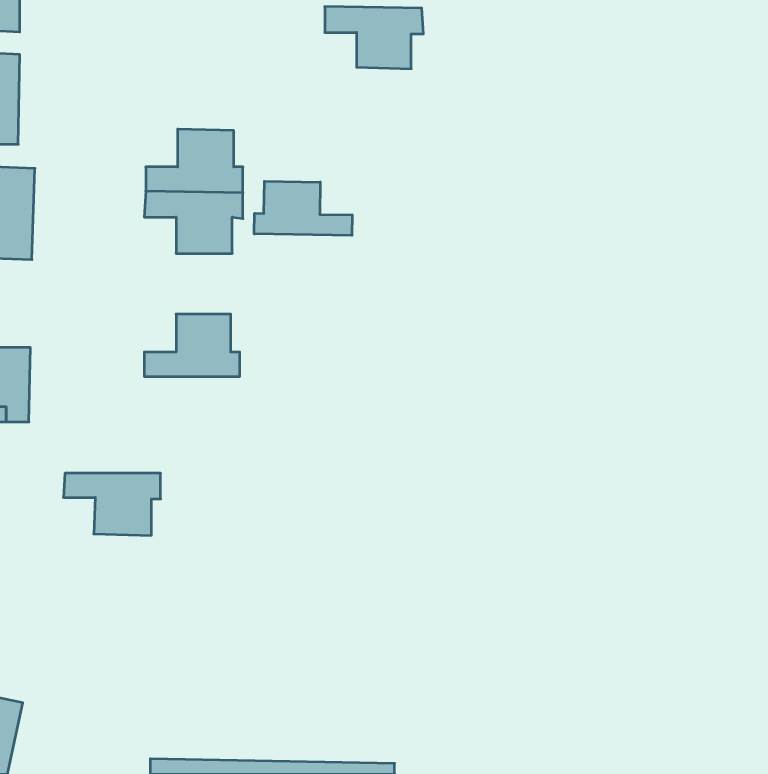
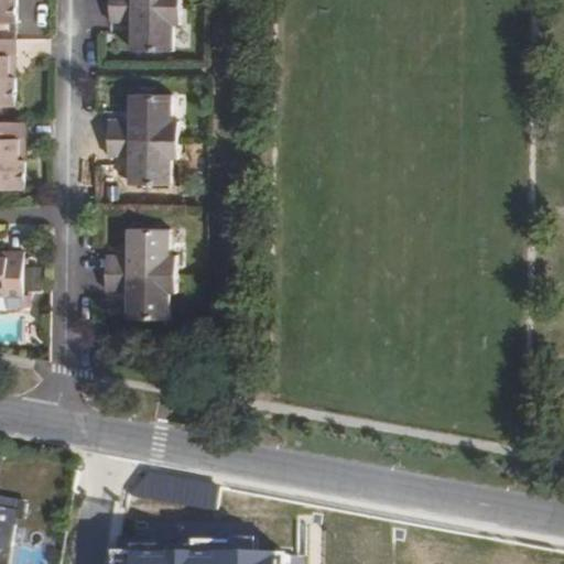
building: [325,7,423,69] -> [107,4,178,50]
building: [254,181,352,235] -> none
building: [63,473,161,535] -> [104,273,174,318]

